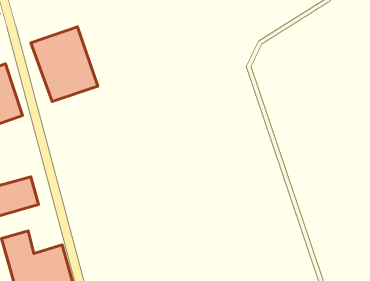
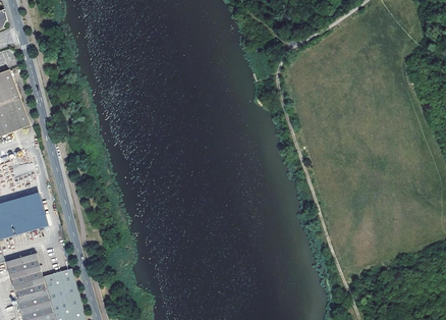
building: [31,27,98,101] -> none

